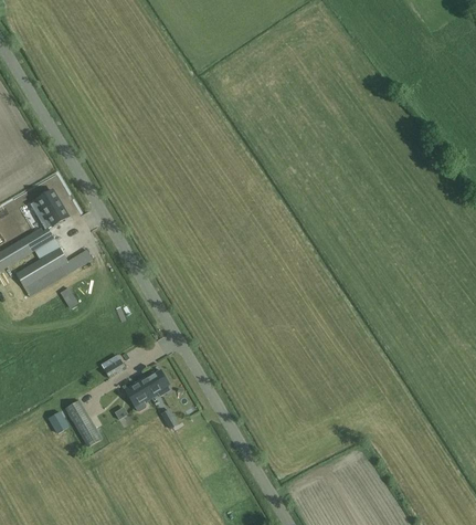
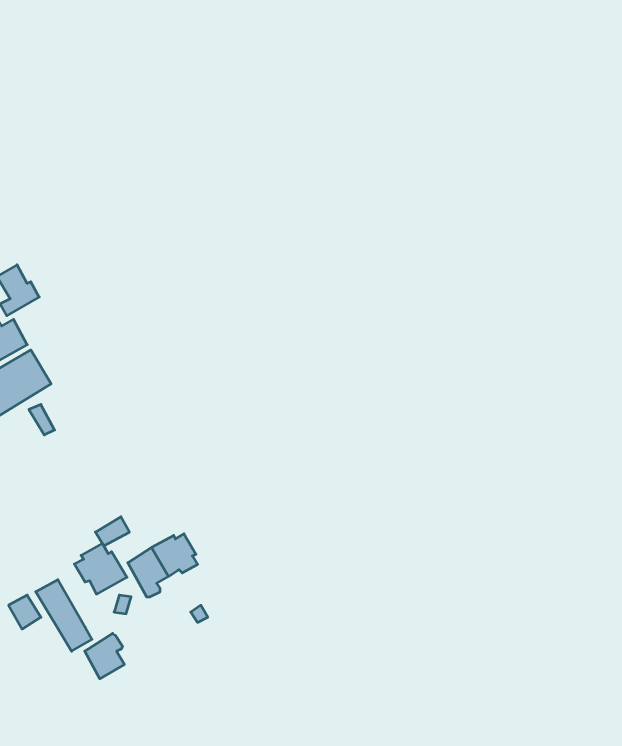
building: none -> [74,543,127,594]
building: none -> [85,633,124,679]

